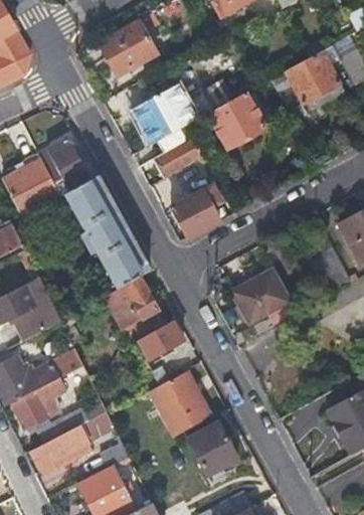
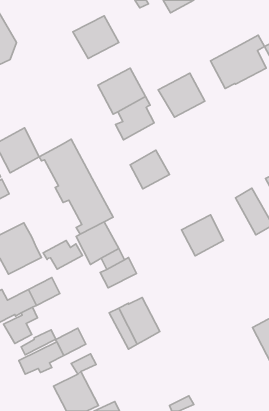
building: [36,139,88,196] -> none
building: none -> [43,240,82,269]
building: [186,424,236,477] -> none

